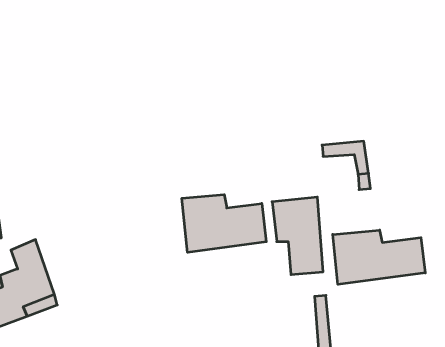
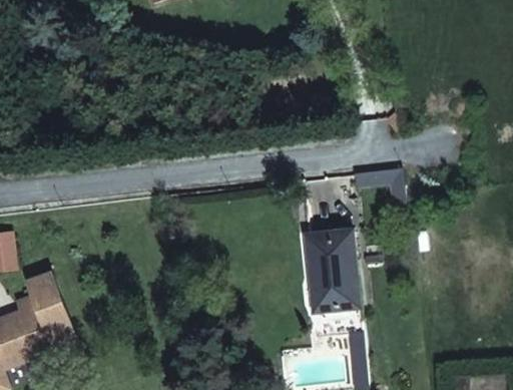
building: [182,195,266,252] -> none
building: [333,230,425,284] -> none

